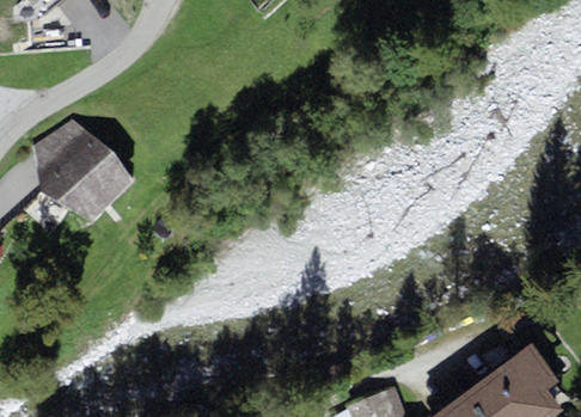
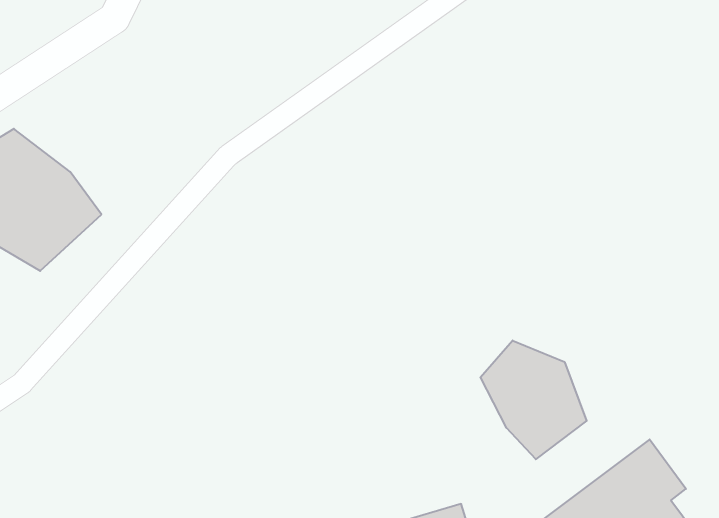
building: none -> [480,340,587,459]

